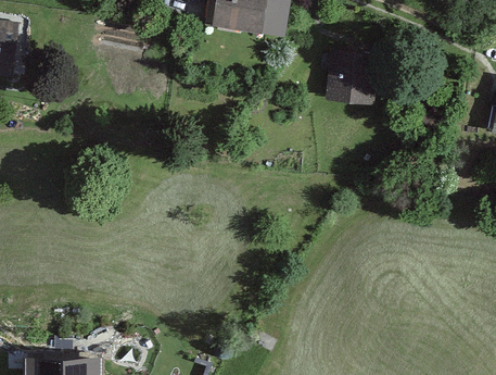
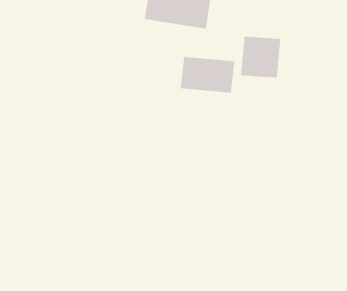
building: none -> [180,56,235,93]

